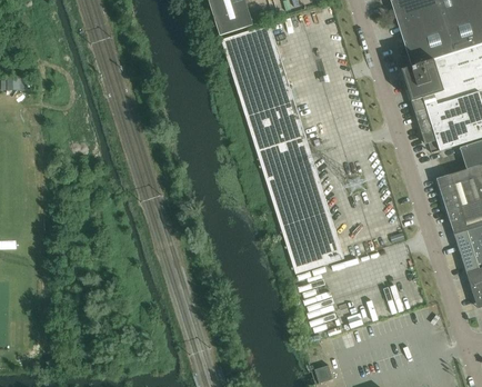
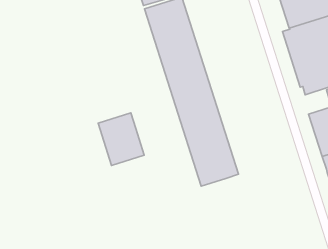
building: none -> [98,113,144,165]

